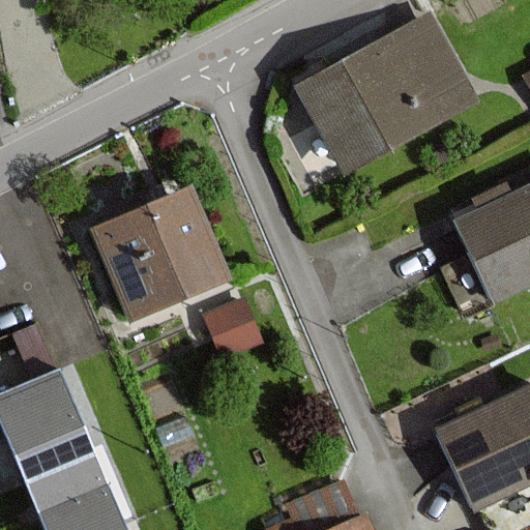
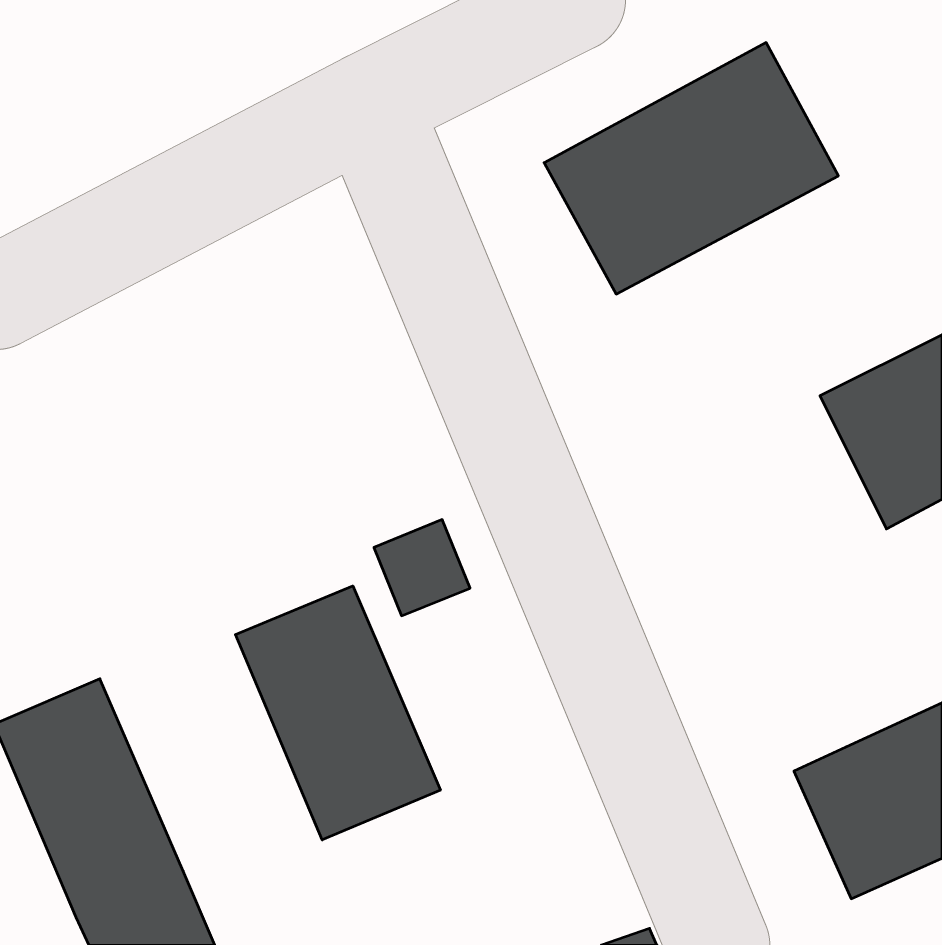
building: [97,194,225,313] -> none
building: none -> [235,586,440,840]

